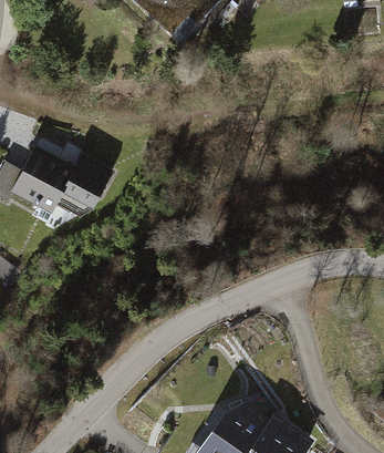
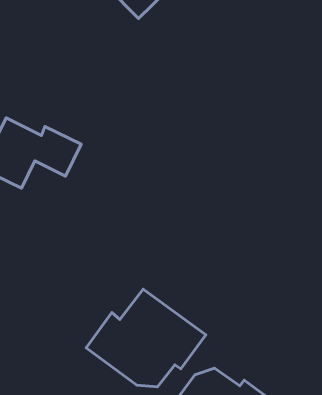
building: none -> [86,289,206,387]

